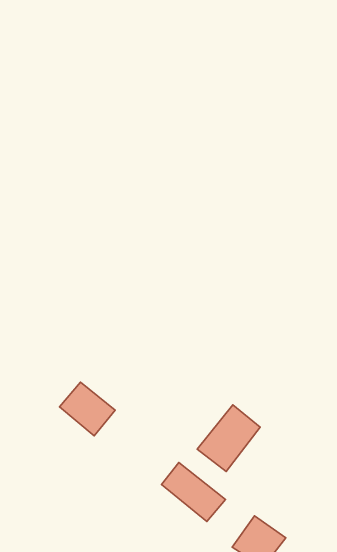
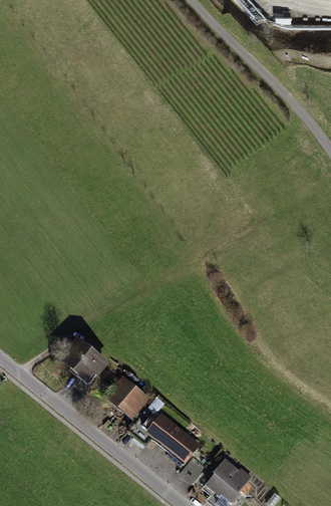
building: [197,405,260,471] -> none
building: none -> [103,376,149,421]

